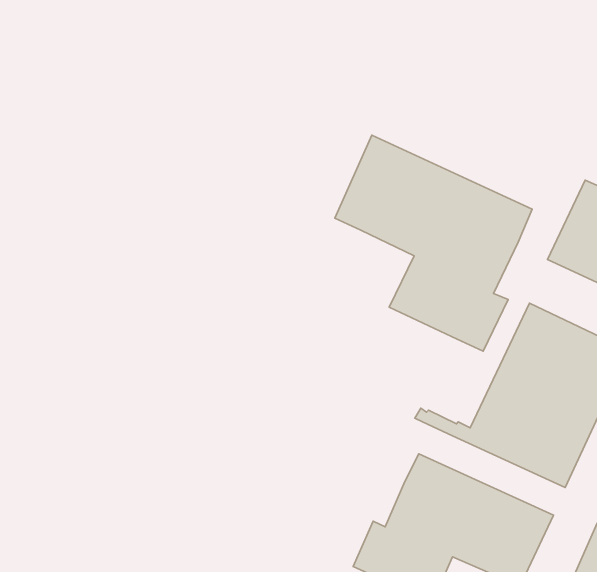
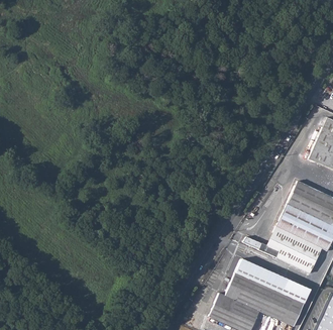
building: [335,135,532,351] -> none

